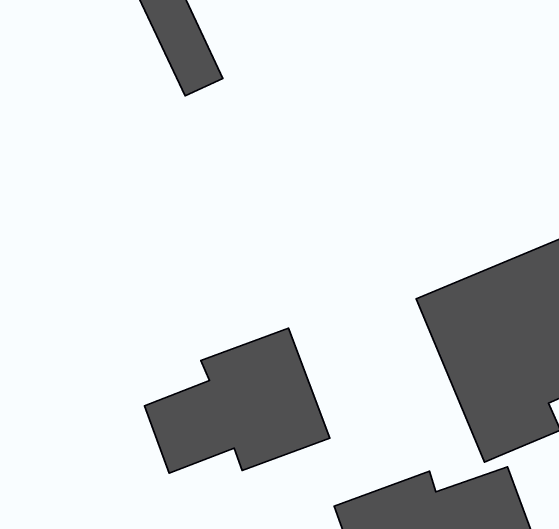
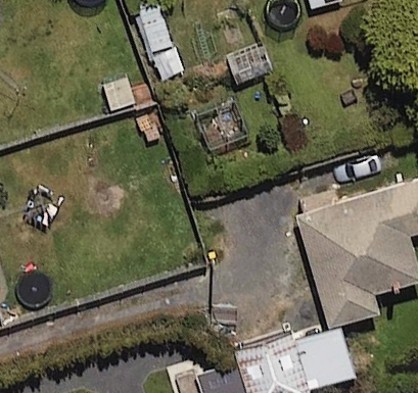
building: [144,328,330,473] -> none

